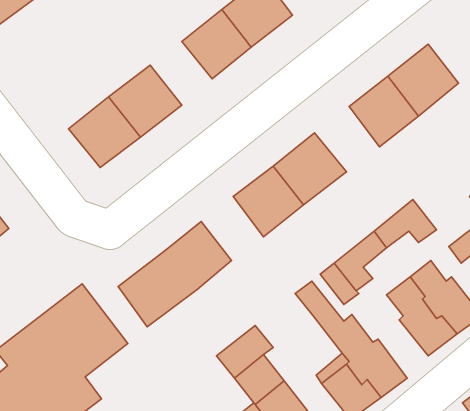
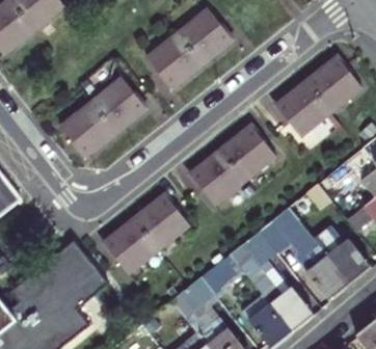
building: none -> [200,251,244,292]

